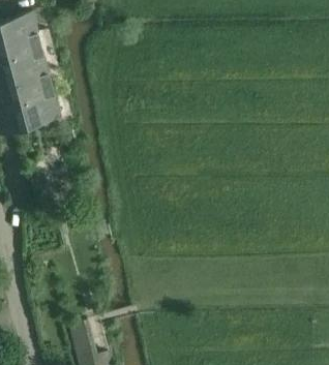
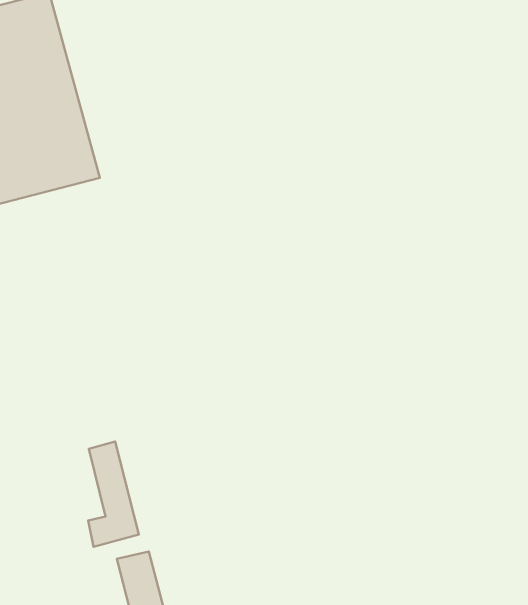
building: none -> [88,442,139,547]

